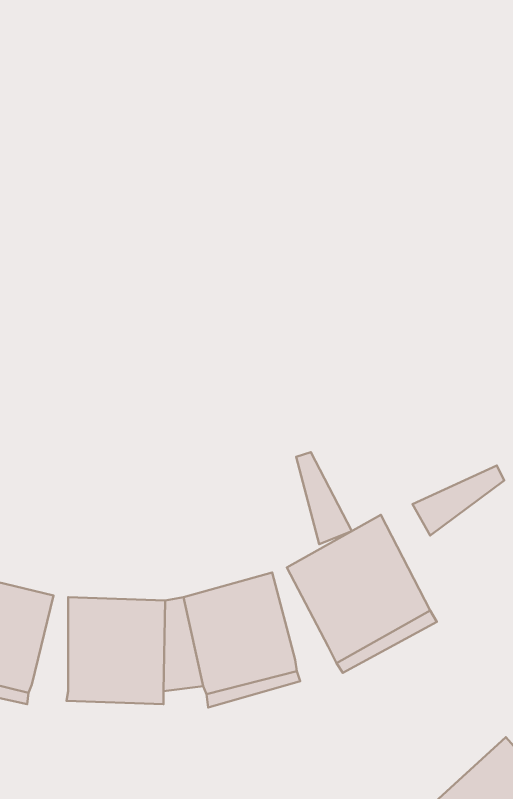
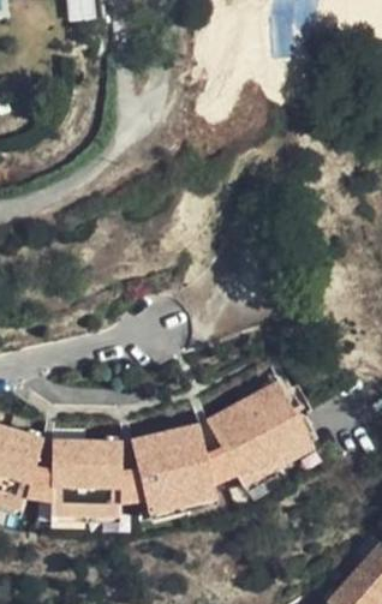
building: [296,452,352,544] -> [199,415,240,483]
building: [412,466,504,535] -> none
building: none -> [24,436,50,506]

